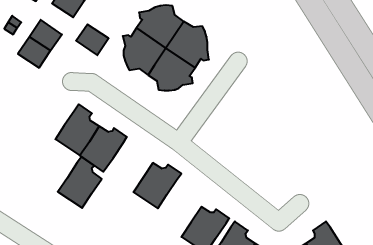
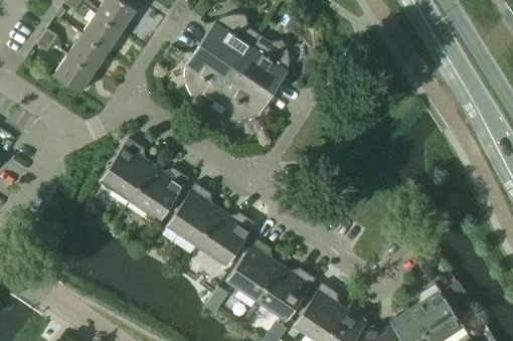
building: [76,24,109,55] -> [81,14,122,52]
building: [58,157,102,208] -> [166,184,220,247]
building: none -> [226,238,281,303]

